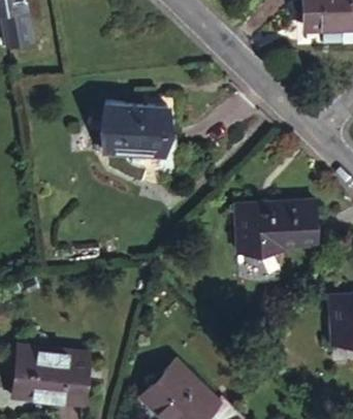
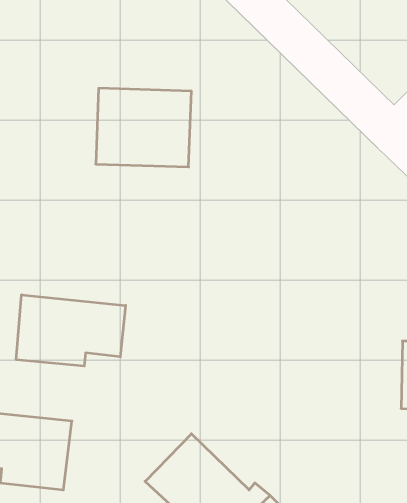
building: [235,200,318,250] -> none
building: none -> [16,295,126,366]

